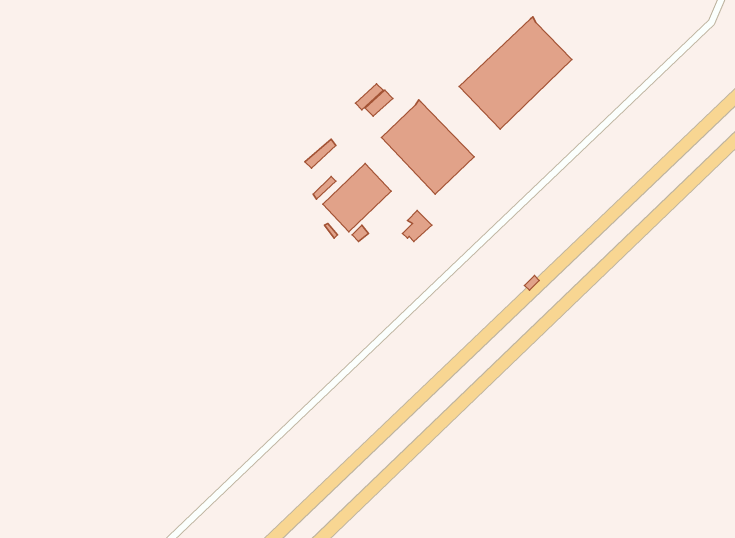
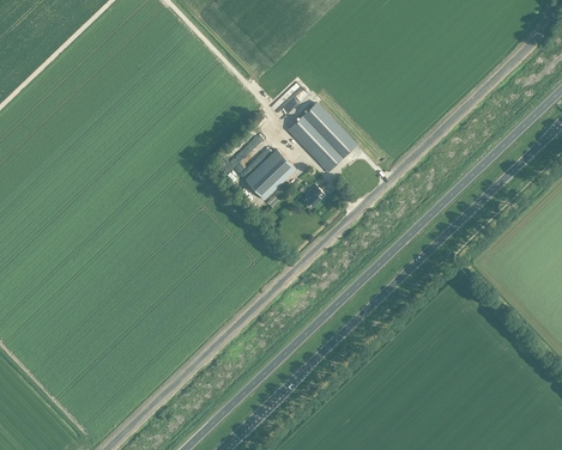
building: [459,17,572,129] -> none

